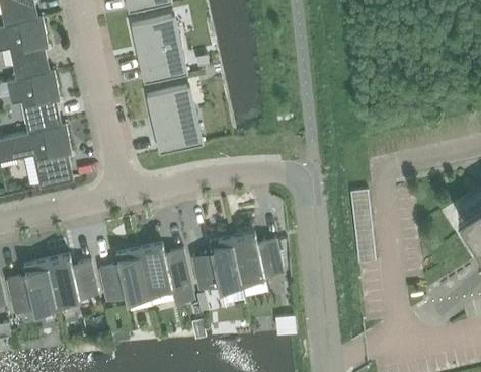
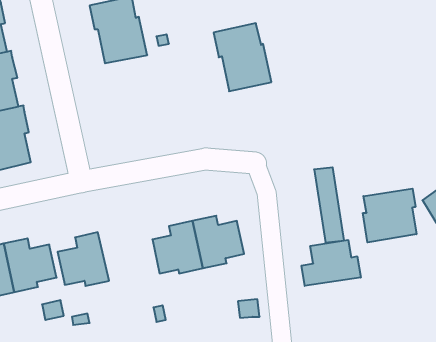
building: [145,87,202,154] -> [214,23,271,91]
building: none -> [363,189,416,242]
building: [138,244,193,304] -> none
building: none -> [302,240,361,286]

